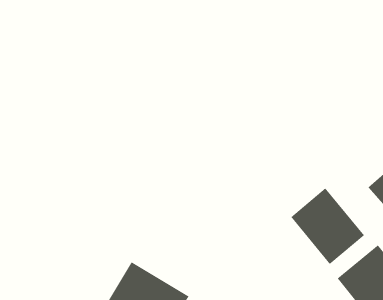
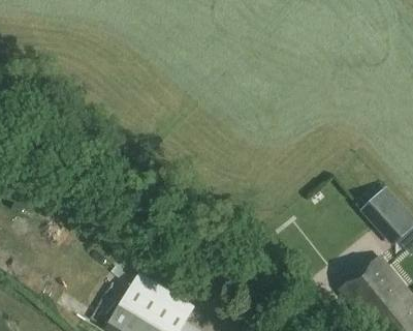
building: [290,187,365,265] -> none

